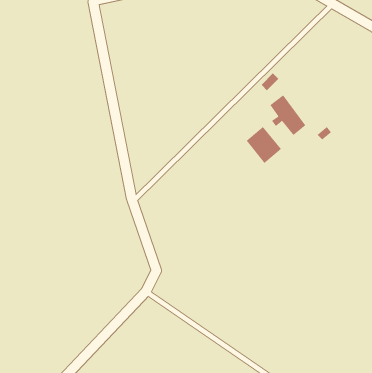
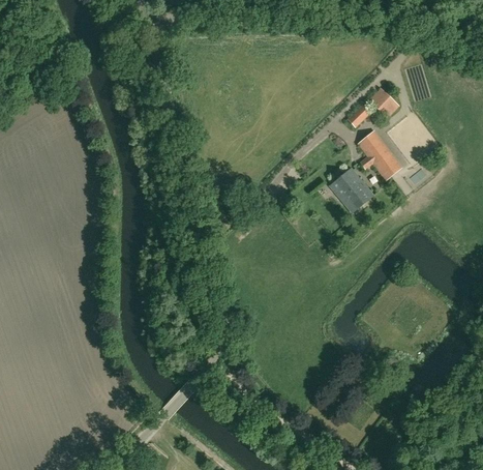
building: none -> [370,88,398,116]

